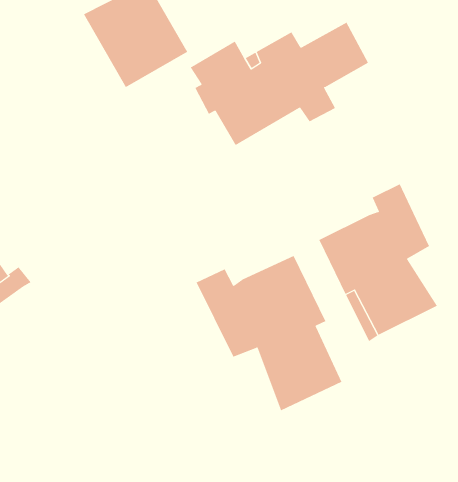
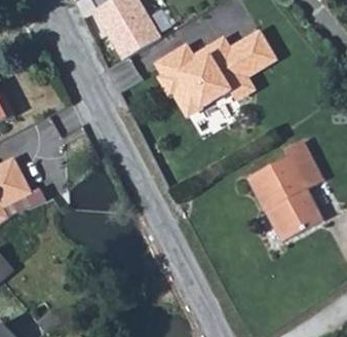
building: [196,255,342,411] -> none

